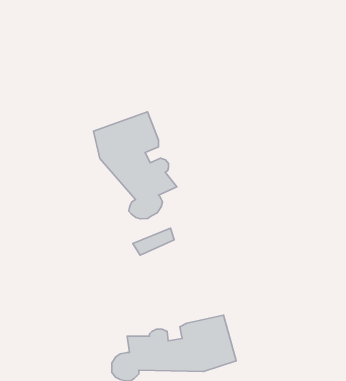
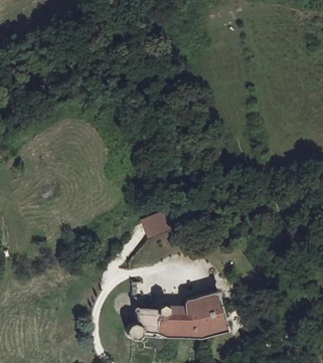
building: [93,112,177,219] -> none

